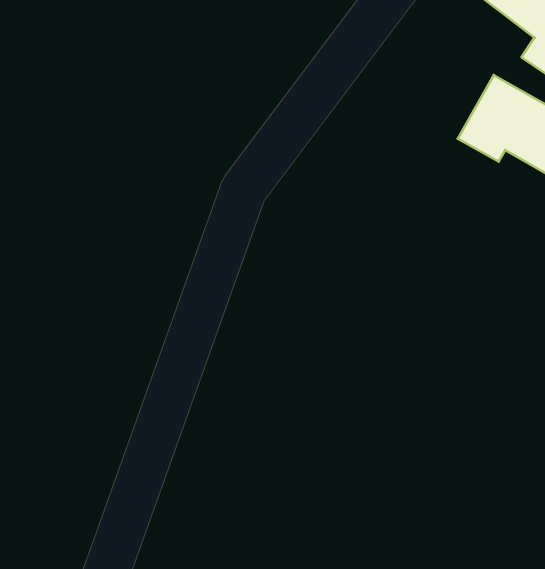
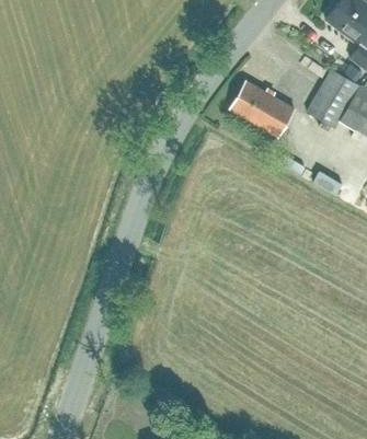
building: none -> [232,82,294,137]

